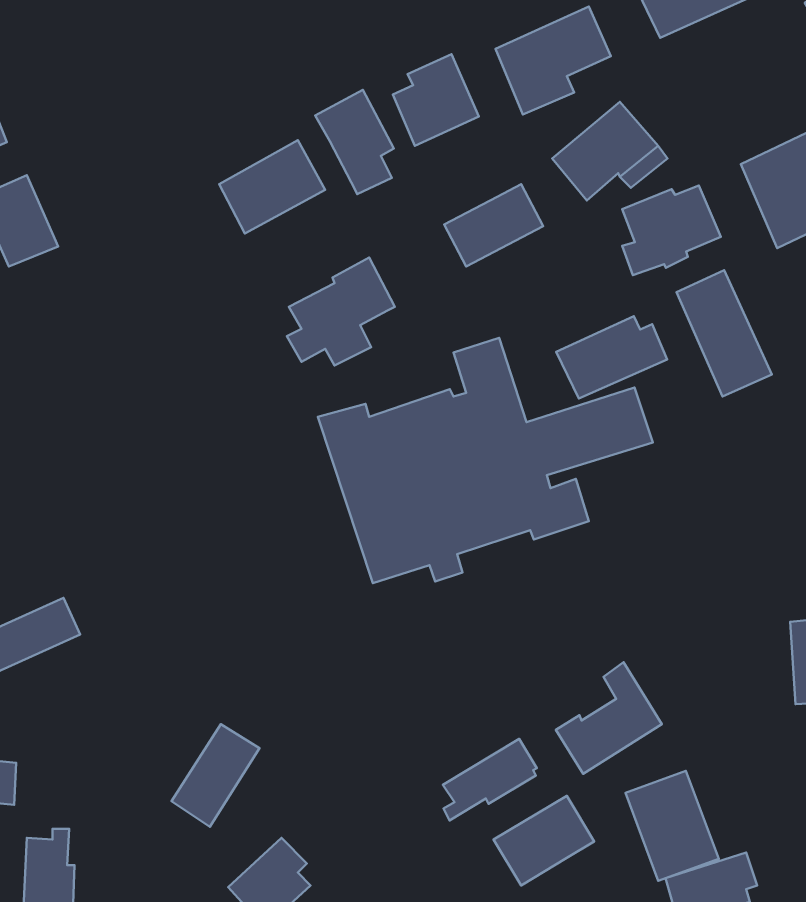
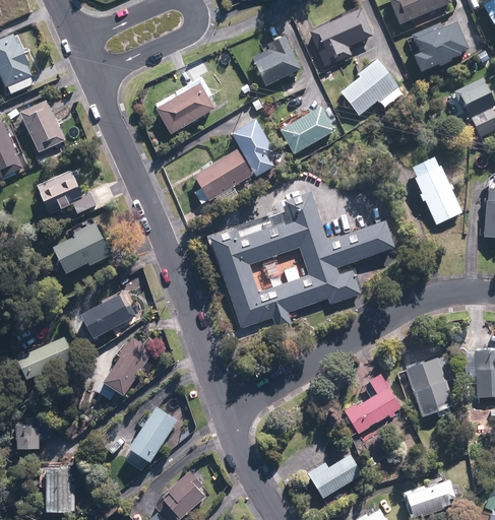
building: [315,90,394,194] -> [230,119,273,177]
building: [622,186,721,275] -> [413,21,468,71]
building: none -> [38,172,100,216]
building: [556,316,667,399] -> none
building: none -> [53,219,112,274]
building: none -> [77,292,136,342]
building: none -> [95,339,151,399]
building: [443,739,537,820] -> none
building: [625,771,719,881] -> [403,355,454,416]

